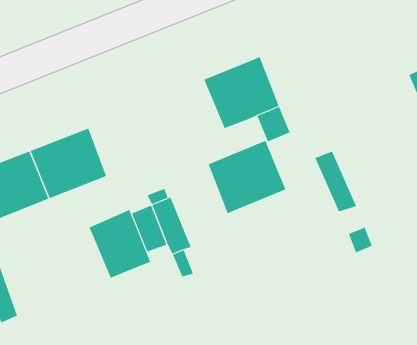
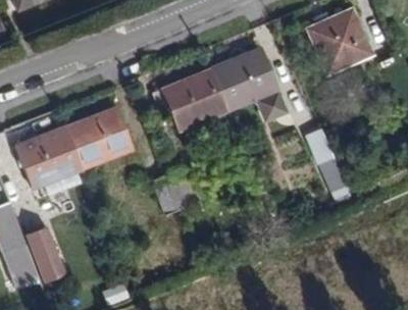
building: none -> [306,9,371,73]
building: [208,140,286,214] -> [163,68,230,131]
building: [89,209,151,279] -> none

